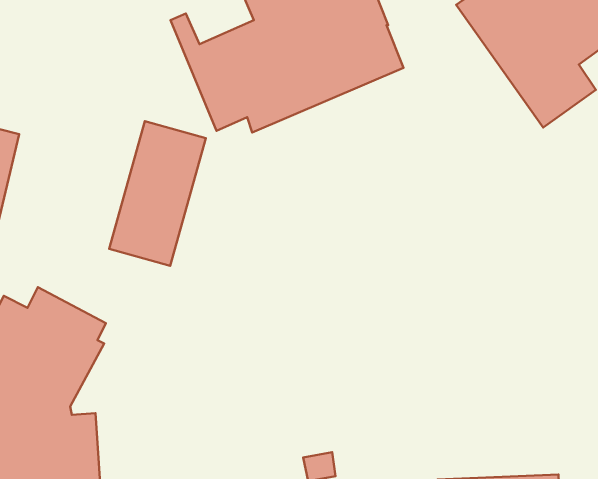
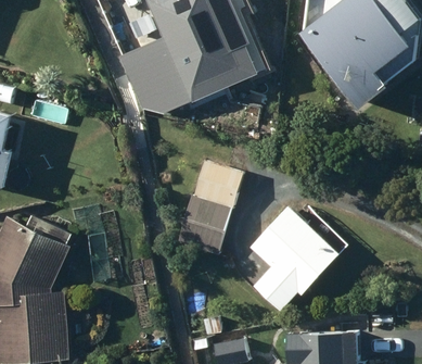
building: [109,121,206,266] -> [177,163,239,255]
building: none -> [252,205,341,314]

